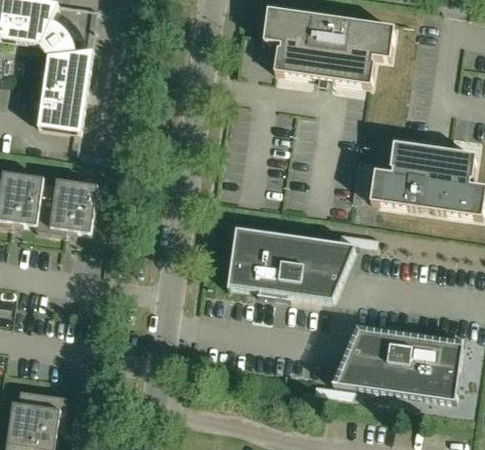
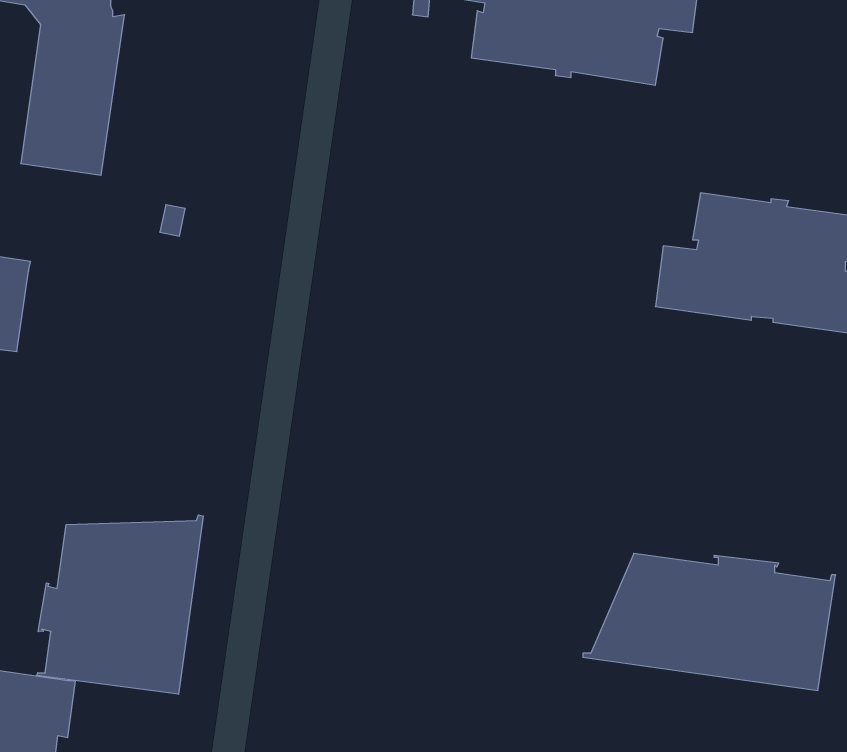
building: [36,178,97,233] -> none
building: [226,228,358,300] -> none
building: none -> [37,515,203,694]

